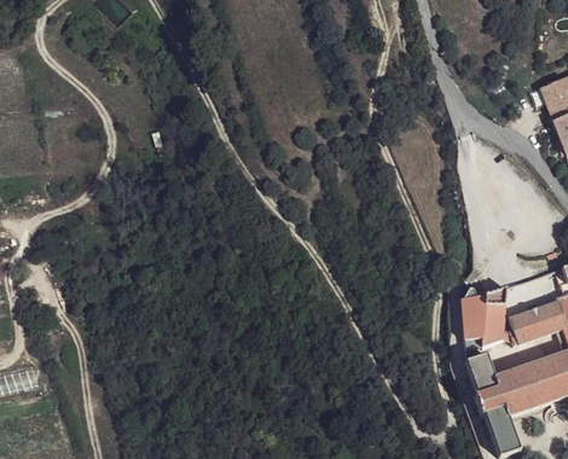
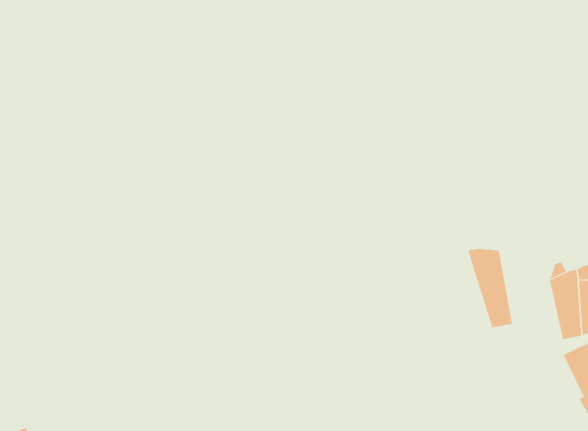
building: none -> [468,248,512,328]

